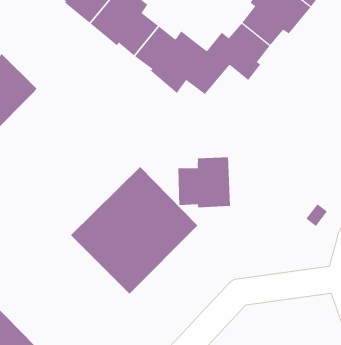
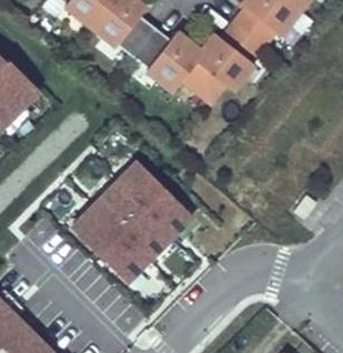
building: [178,157,231,208] -> none

